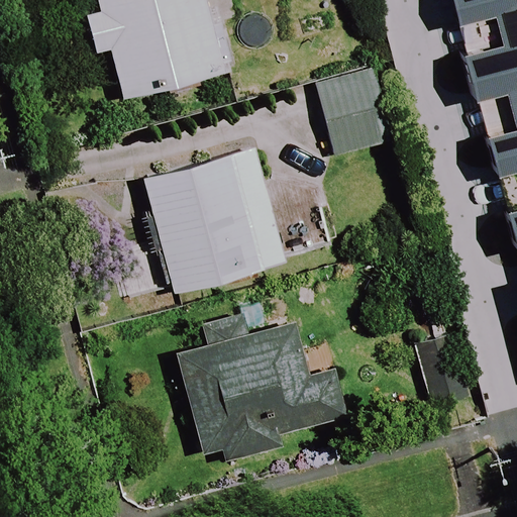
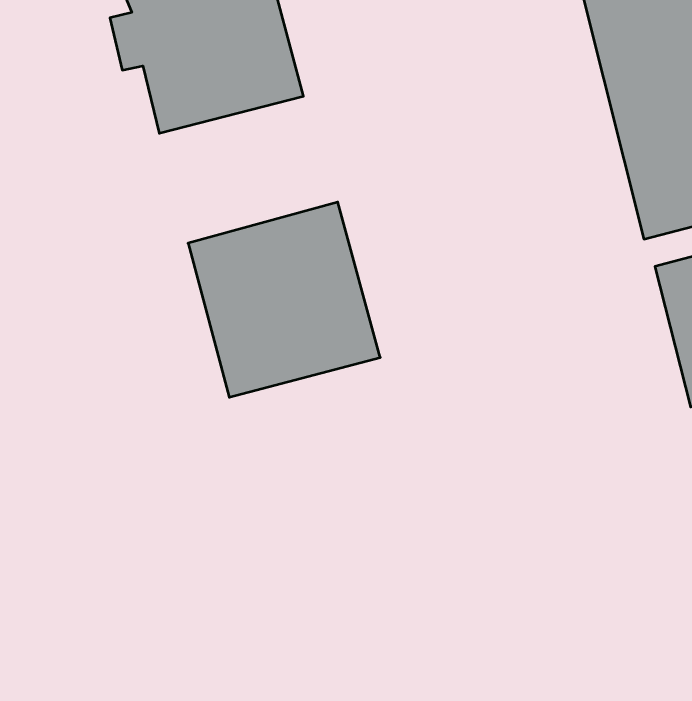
building: [319,72,387,156] -> none
building: [181,325,347,460] -> none

